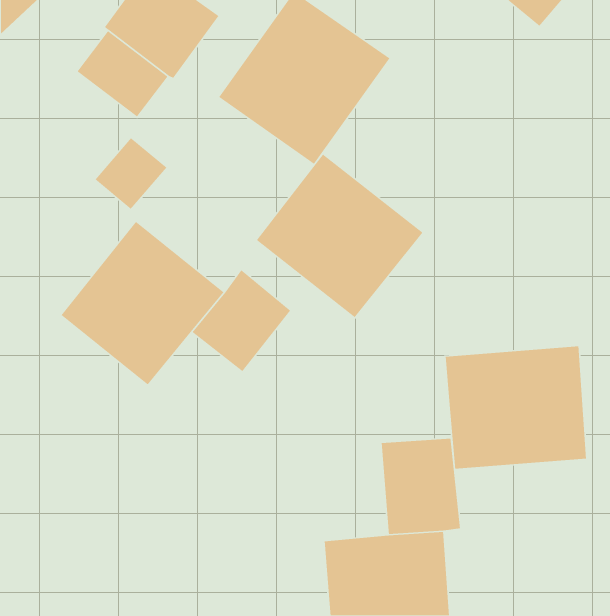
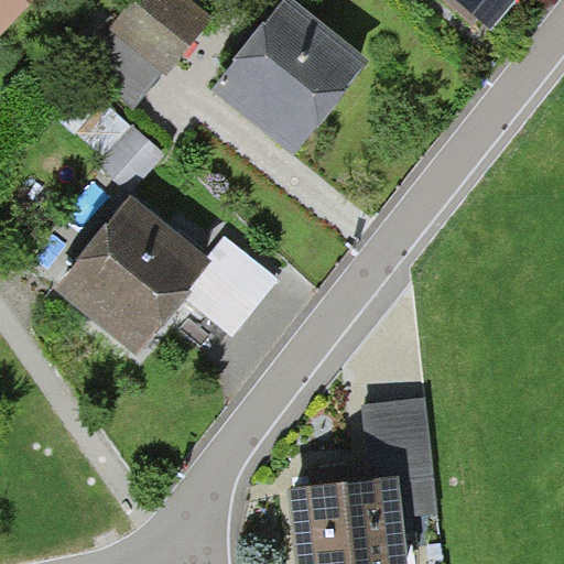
building: [256,153,424,318] -> none
building: [445,346,587,469] -> none

